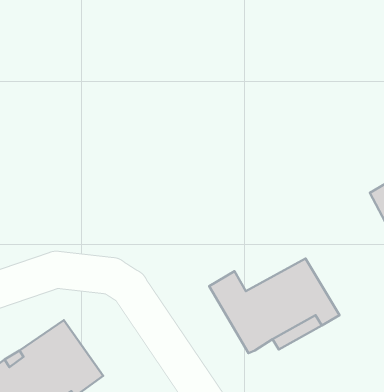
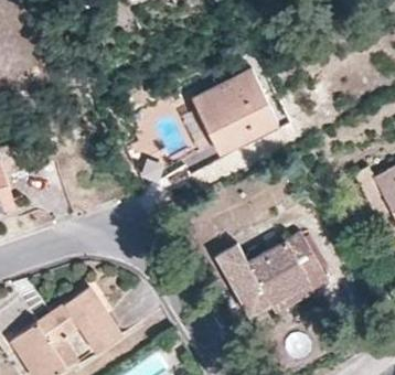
building: none -> [193,69,278,151]

